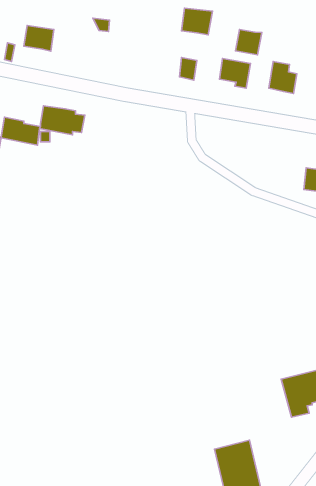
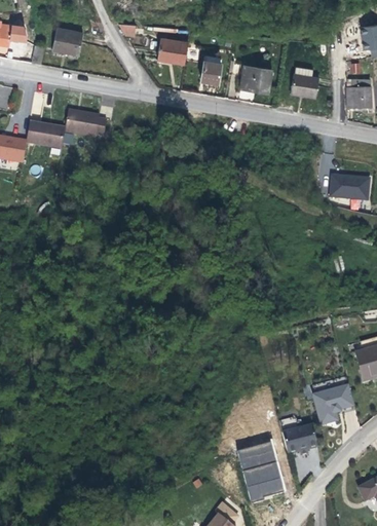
building: [182,8,212,35] -> [158,36,189,63]
building: [235,30,262,55] -> none
building: none -> [275,420,311,450]

